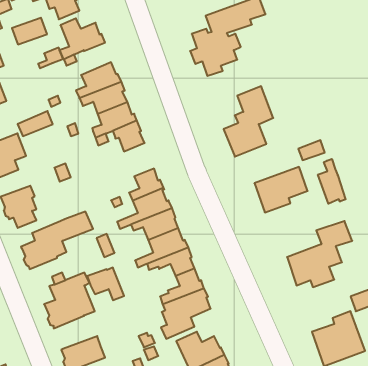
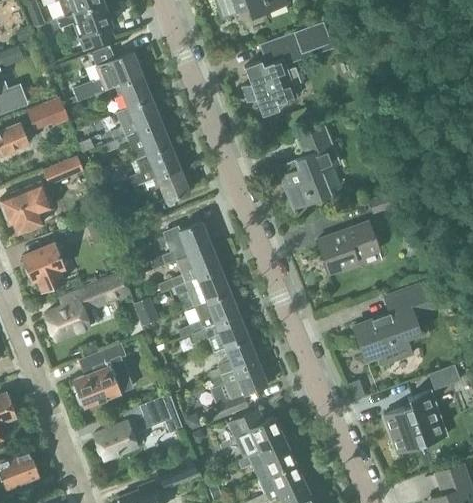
building: [12,18,47,44] -> [26,99,67,130]
building: none -> [116,76,151,114]
building: [318,159,346,204] -> none
building: [87,268,124,300] -> [140,395,183,433]

